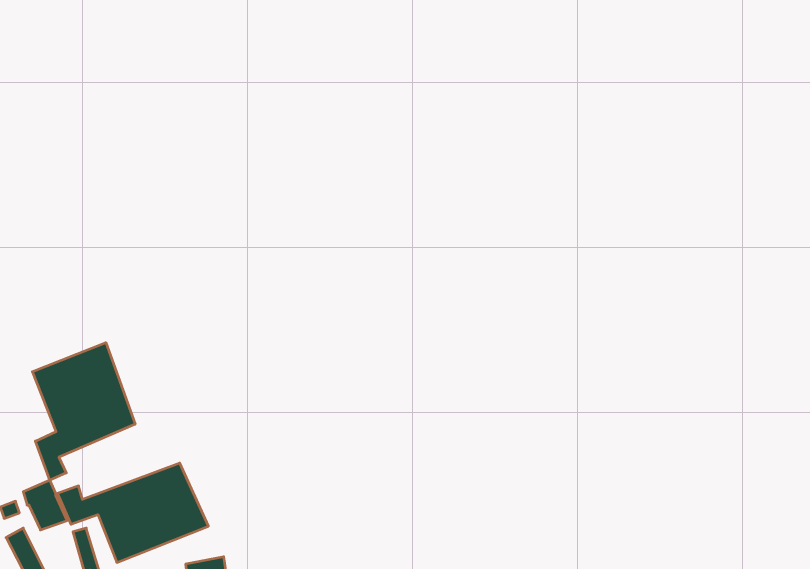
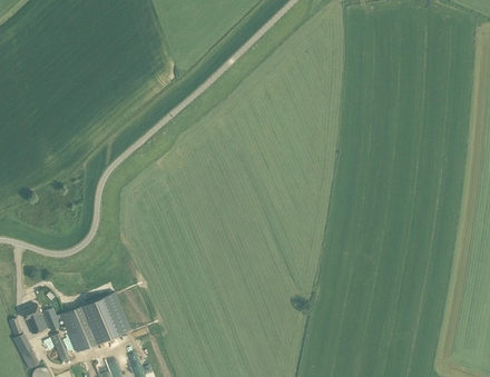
building: [32,343,135,480] -> none

